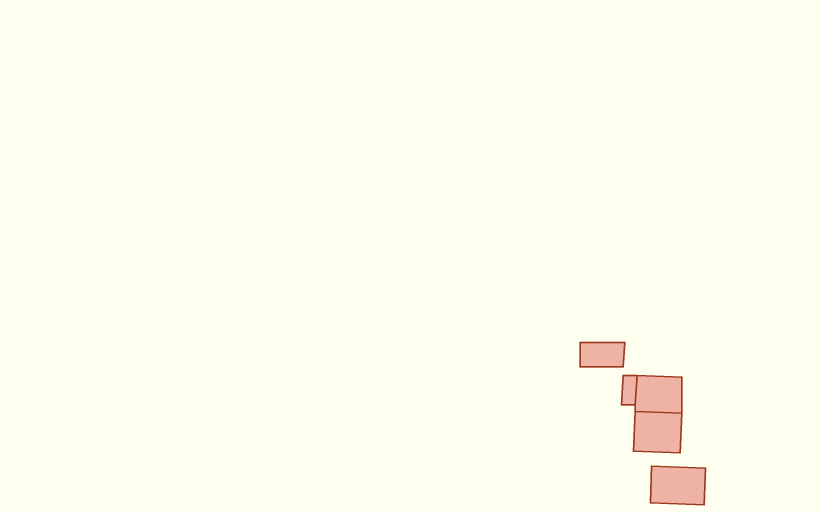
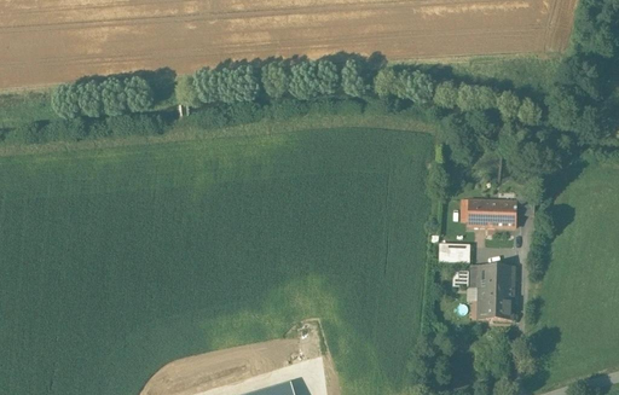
building: none -> [468,199,514,226]
building: [650,466,705,505] -> none

